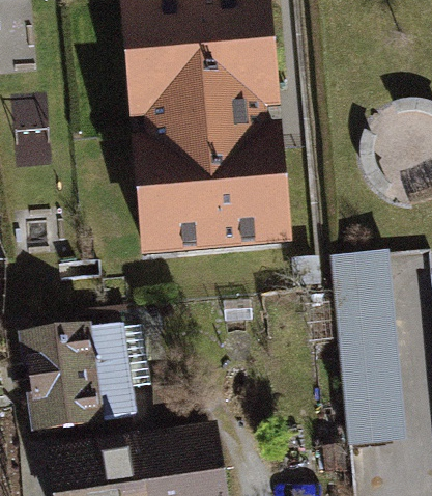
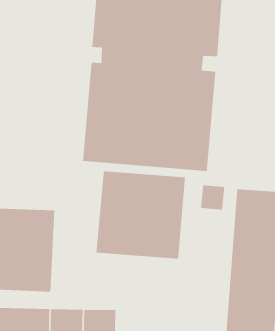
building: none -> [96,170,185,260]

